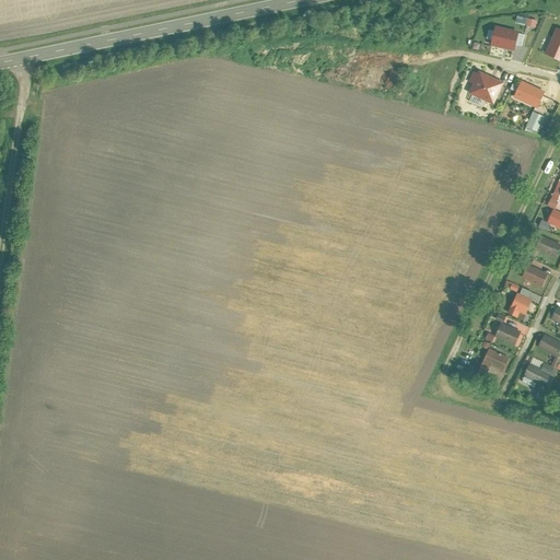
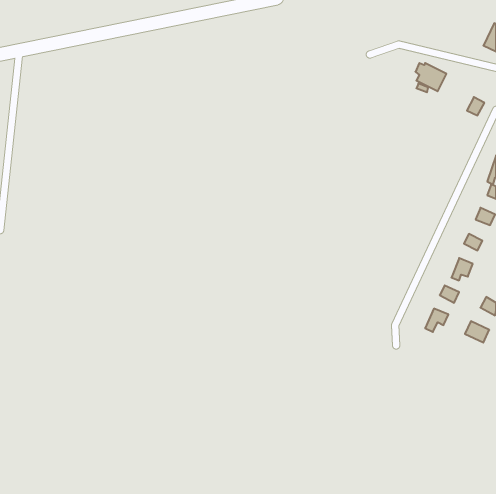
building: [491,25,518,49] -> none
building: [513,80,545,107] -> none

